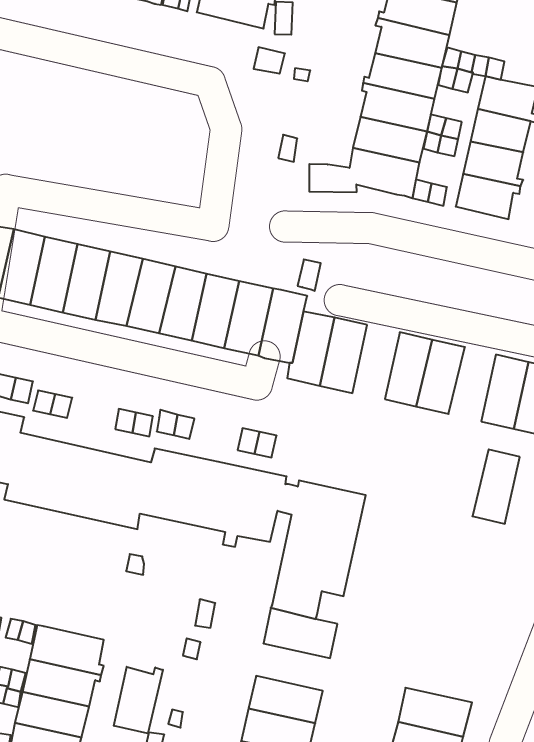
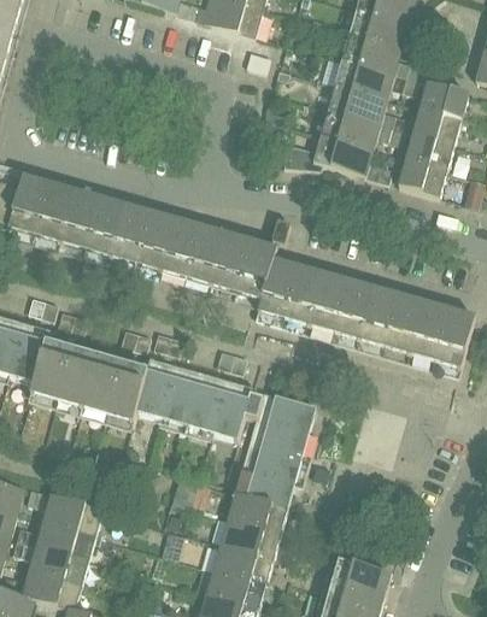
building: none -> [309,271,348,330]
building: [472,449,520,524] -> [383,293,423,352]
building: none -> [221,517,280,557]
building: [114,667,163,733] -> none

